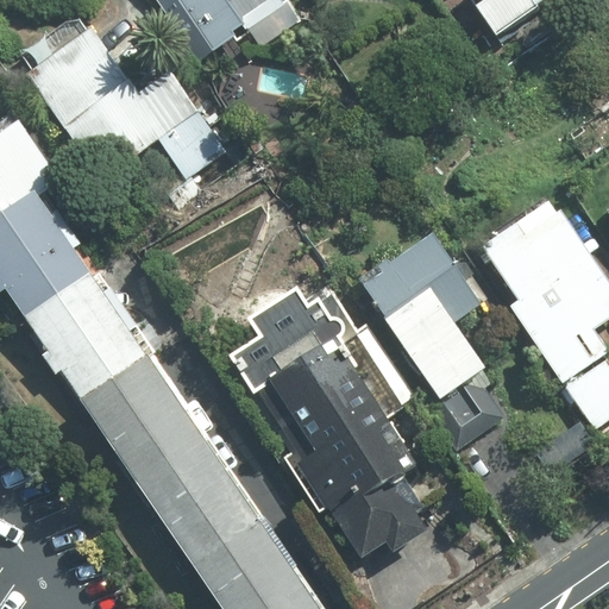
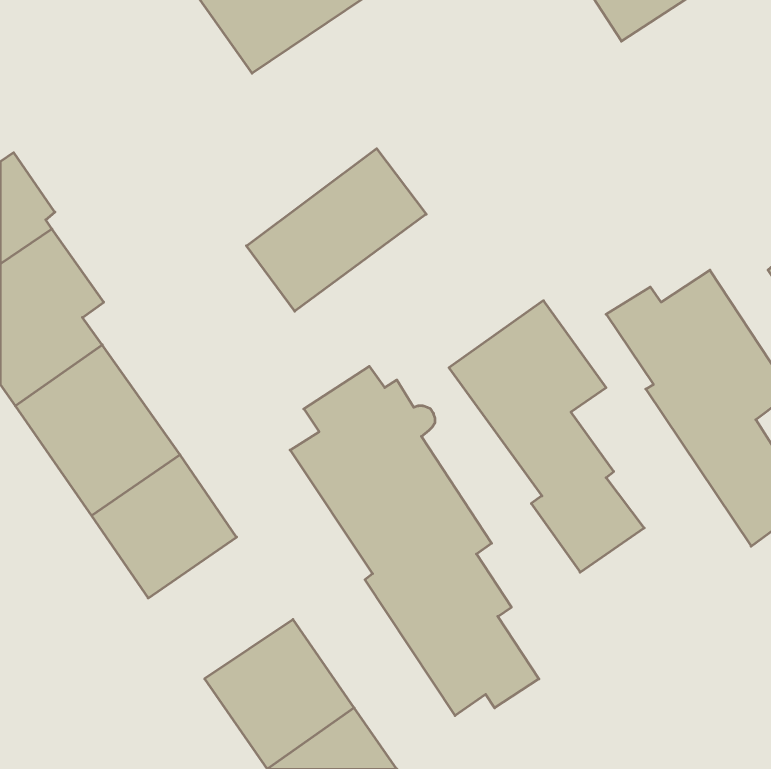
building: [29,27,228,177] -> none
building: none -> [246,149,426,311]
building: [123,419,236,529] -> none

